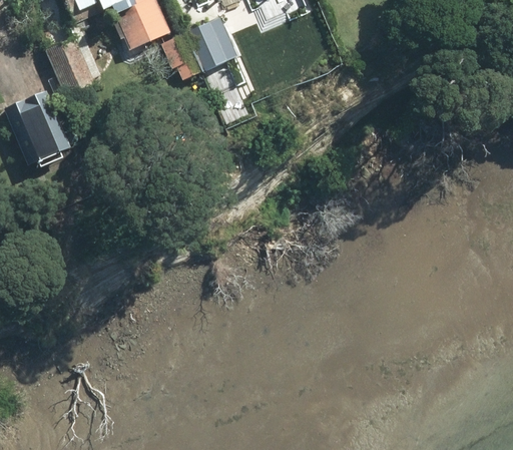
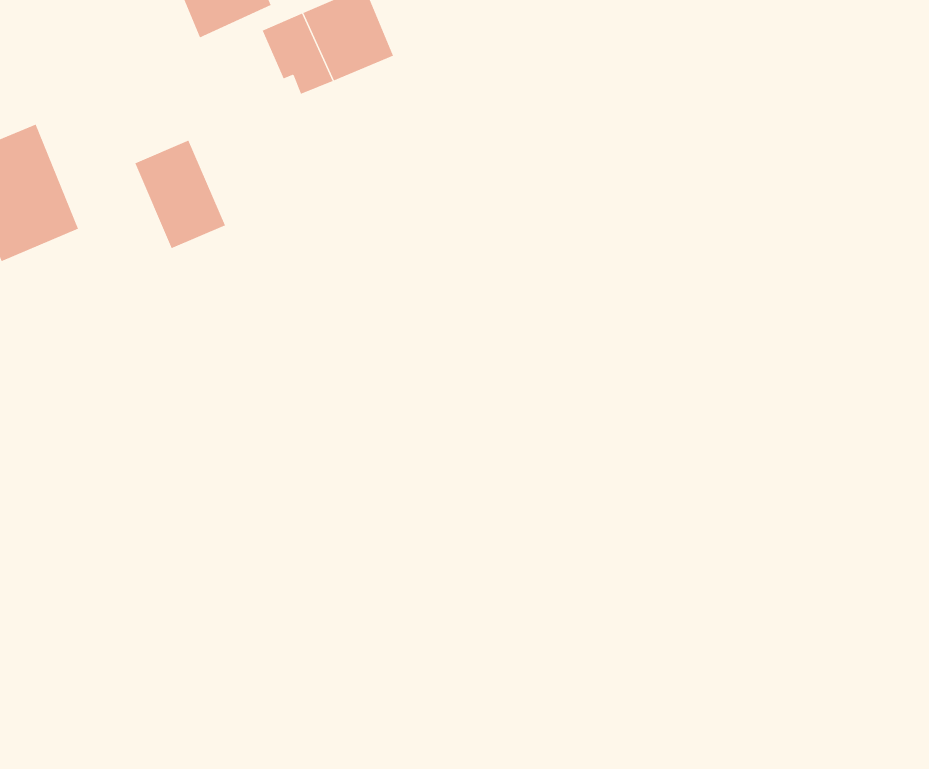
building: [47,38,94,94] -> [134,140,226,249]

